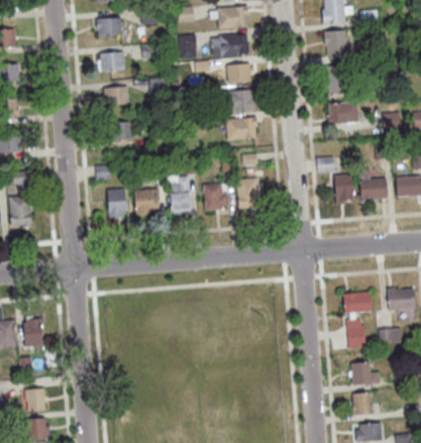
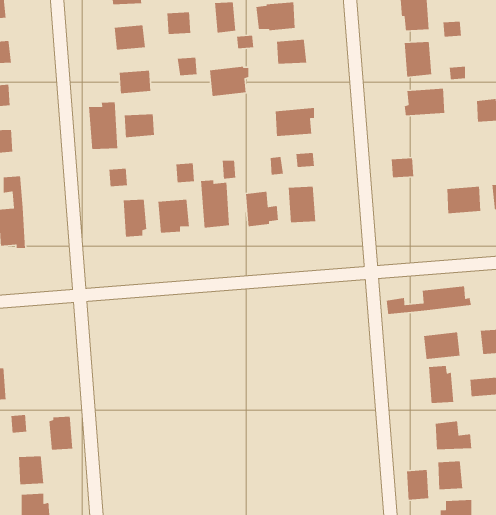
building: [224,88,255,112] -> [209,66,249,97]
building: none -> [88,102,118,150]
building: [334,174,353,204] -> none
building: none -> [386,285,472,315]
building: [23,319,42,346] -> [49,416,73,451]
building: none -> [406,469,429,501]

